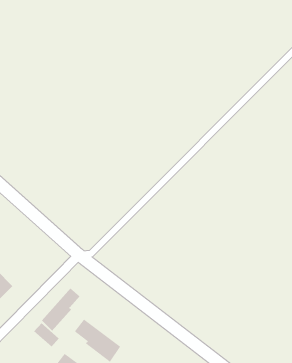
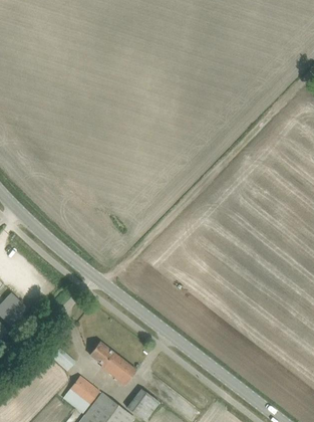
building: [41,287,80,331] -> none

